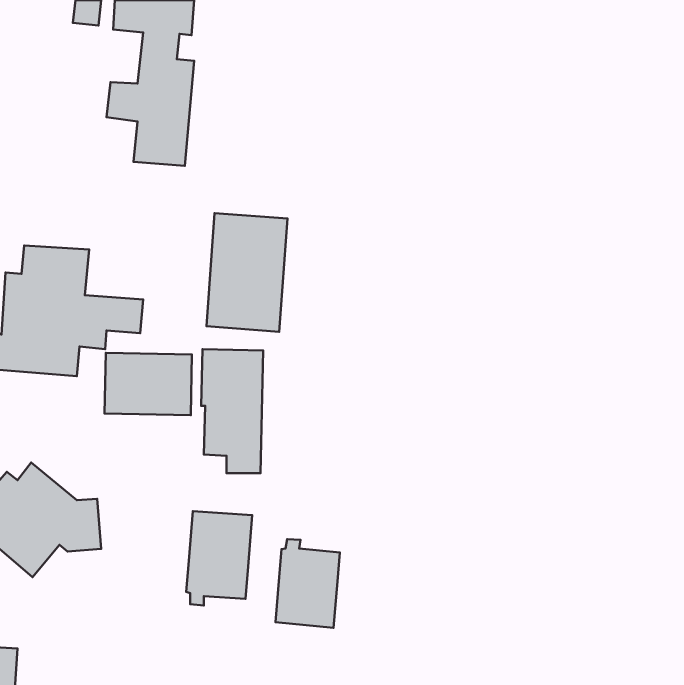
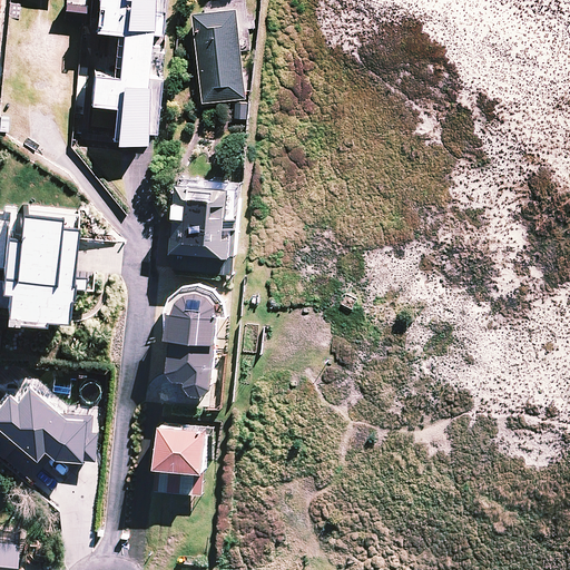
building: none -> [191,12,244,105]
building: [105,353,192,415] -> none
building: [275,539,340,628] -> none

